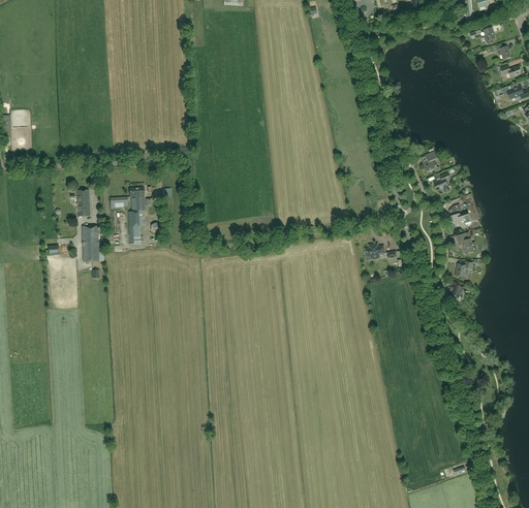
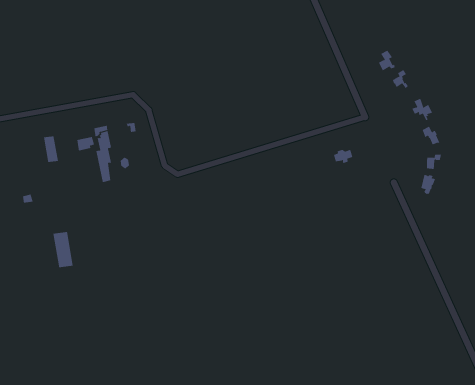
building: [83,227,99,262] -> [53,231,74,268]

